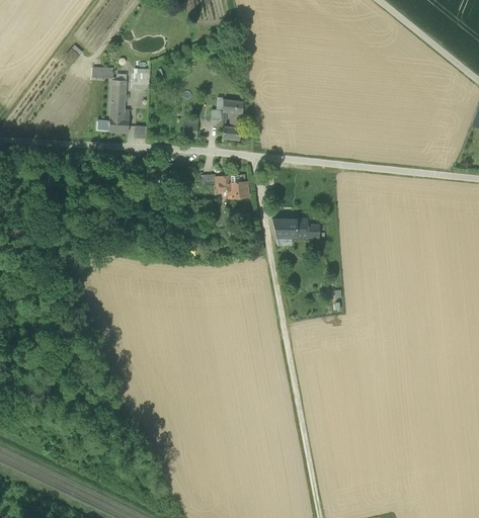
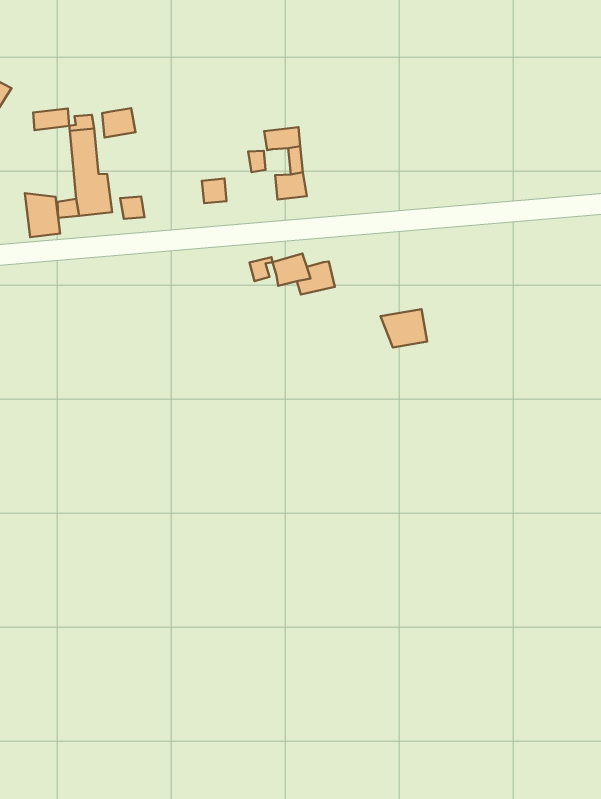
building: none -> [25,193,60,237]
building: [296,219,318,238] -> none

